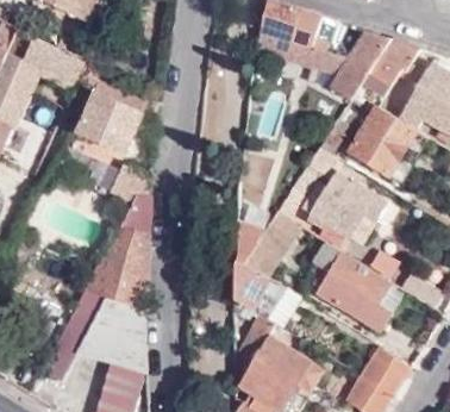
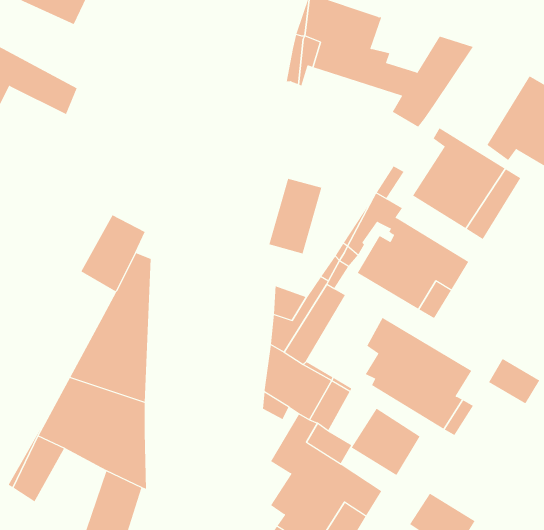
building: [362,38,418,94] -> none
building: [77,74,150,154] -> none
building: [358,344,411,395] -> [351,408,420,476]

